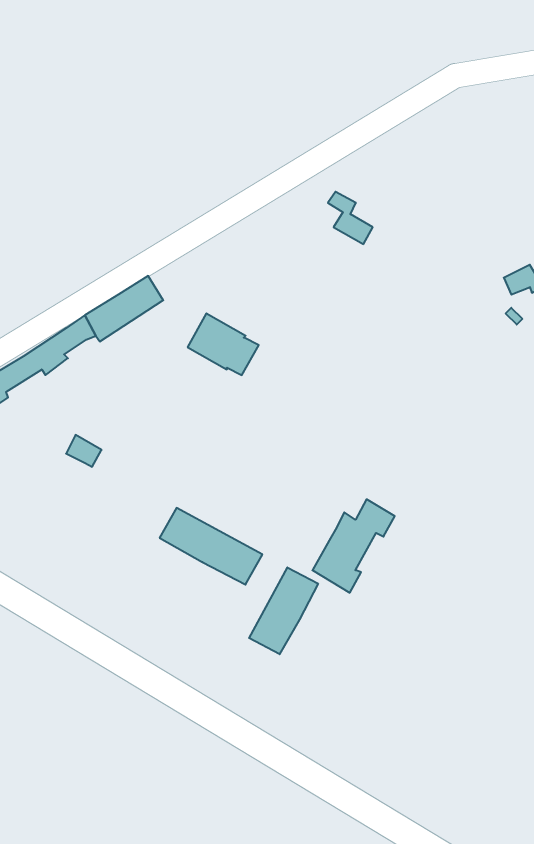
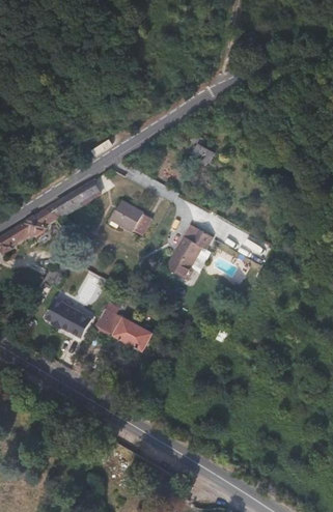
building: none -> [46,298,93,333]
building: [312,499,395,593] -> [167,228,213,280]
building: [249,567,318,654] -> none

